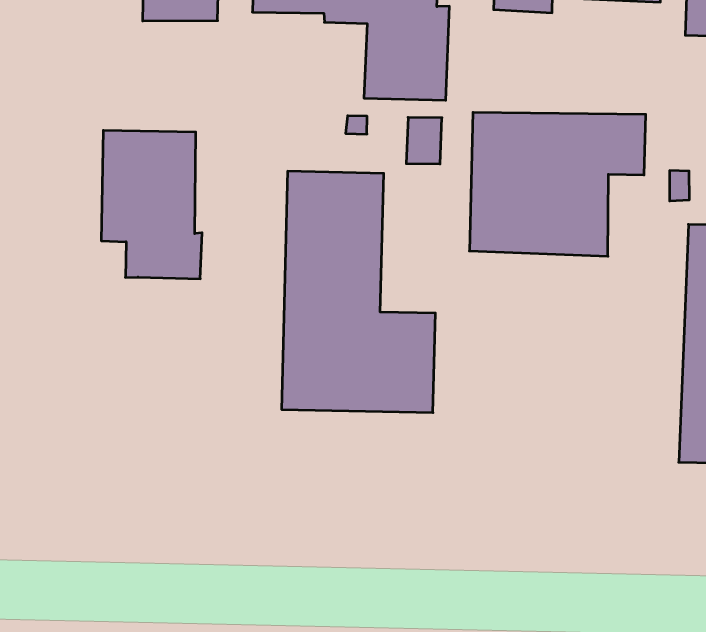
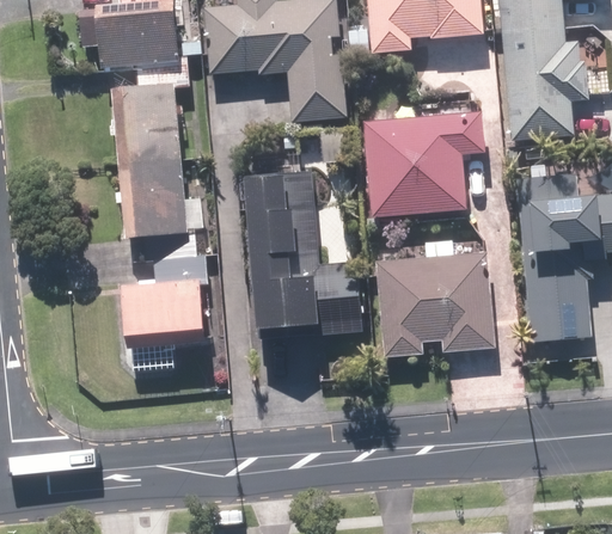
building: none -> [112,81,186,164]
building: none -> [111,257,198,345]
building: none -> [377,240,494,356]

